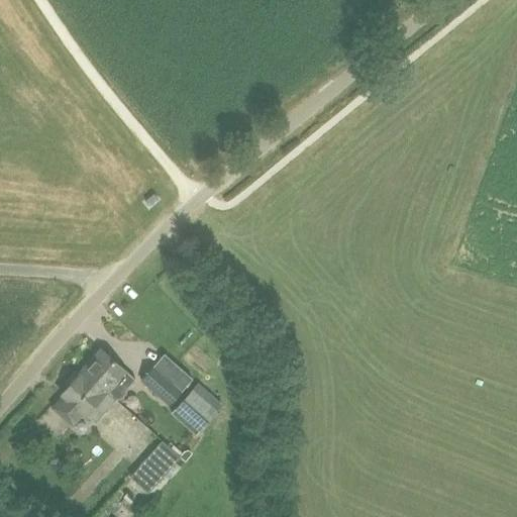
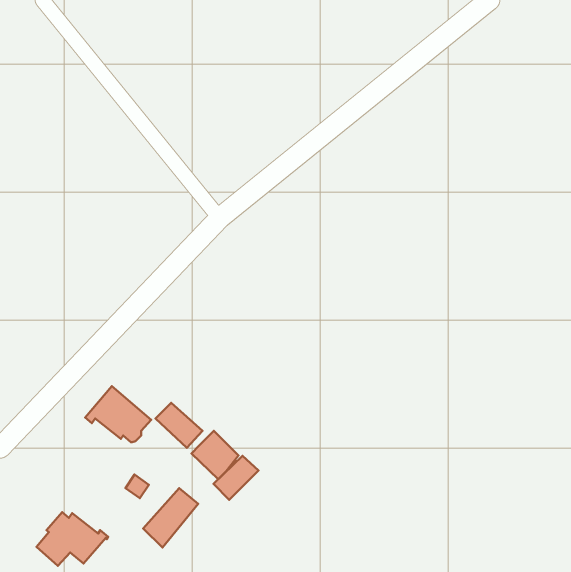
building: [55,377,119,425] -> [36,512,108,566]
building: none -> [213,456,259,500]

